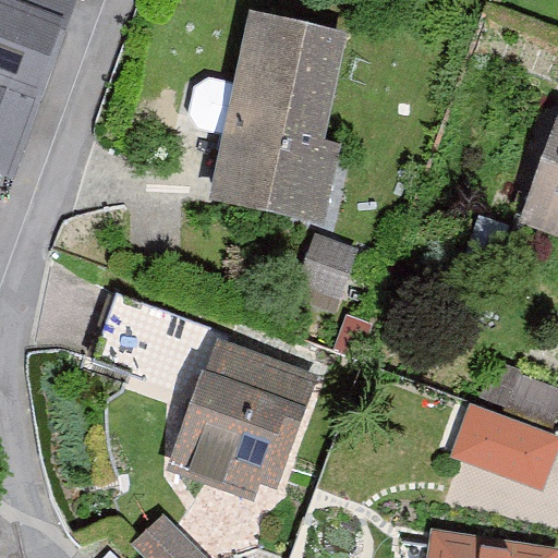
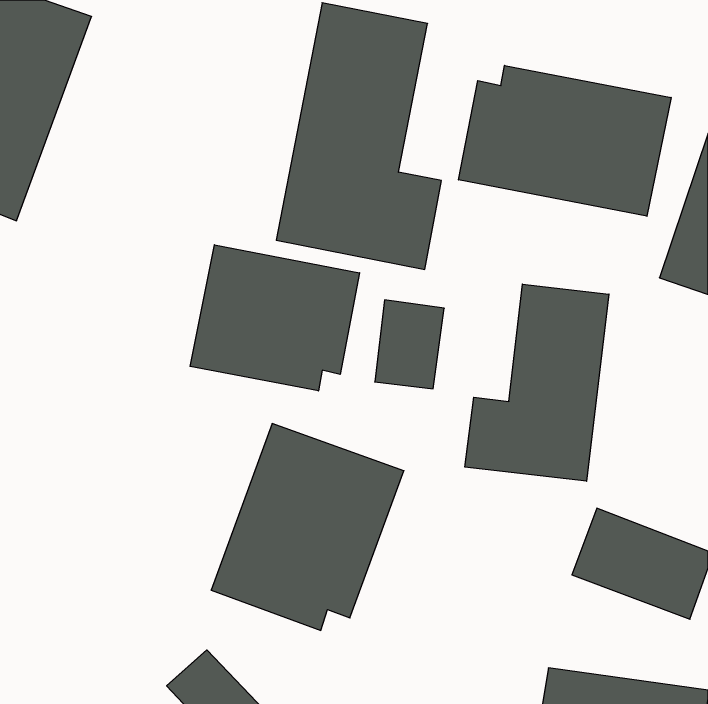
building: none -> [459,65,671,216]
building: none -> [190,245,360,391]
building: none -> [465,284,609,481]

